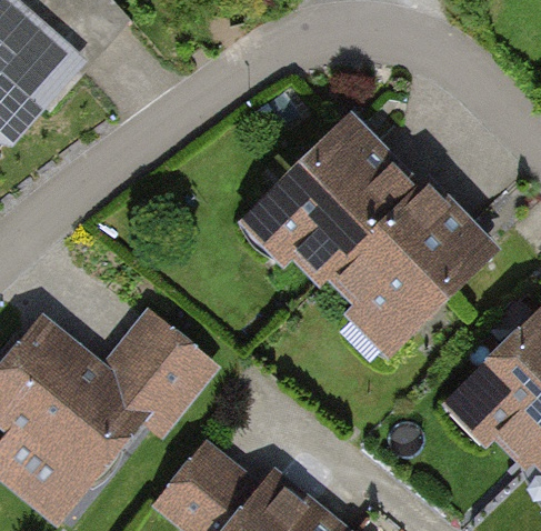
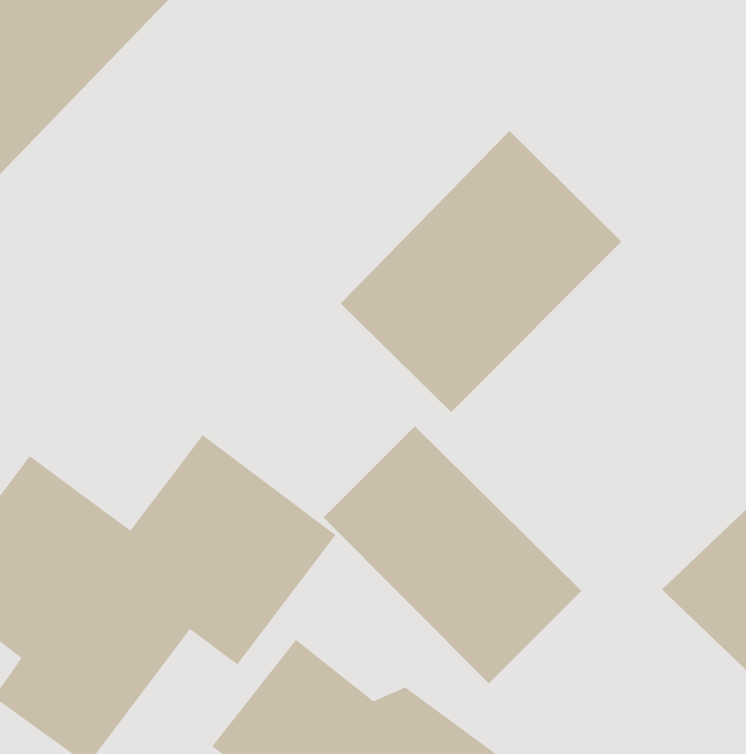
building: [303,187,479,351] -> none
building: none -> [323,425,582,684]

